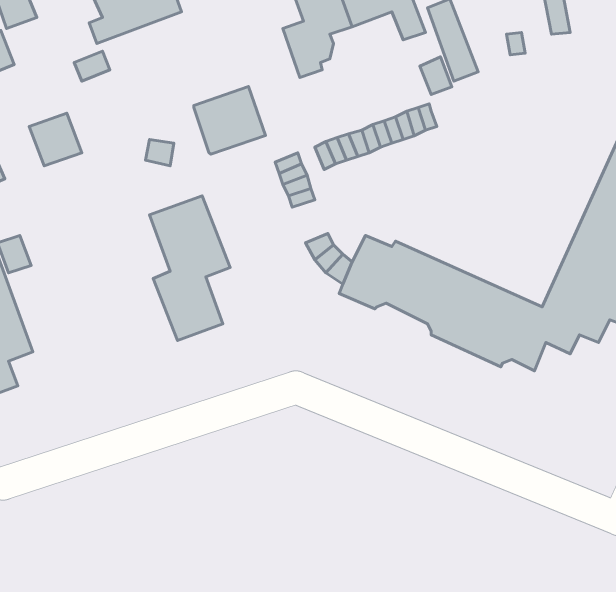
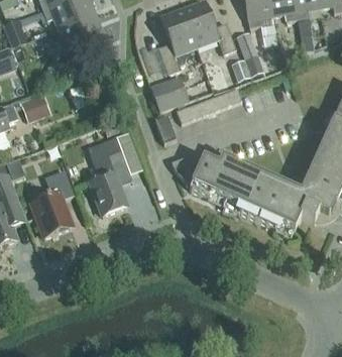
building: [194,87,265,154] -> [150,75,189,111]
building: none -> [30,169,73,236]

